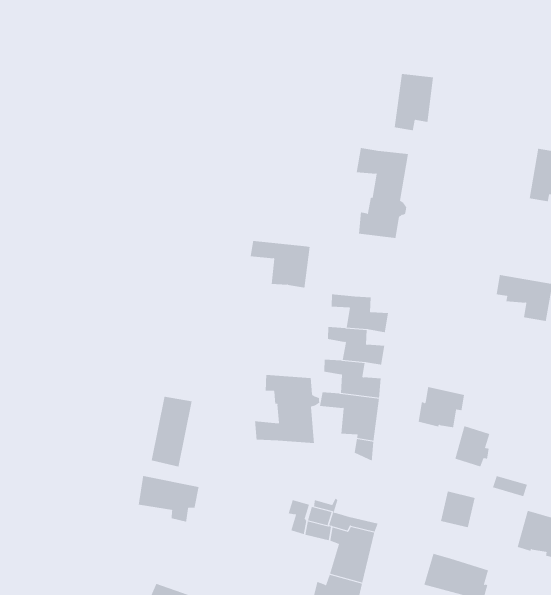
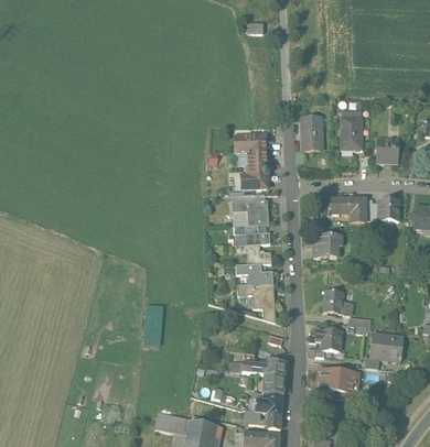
building: [394,73,434,131] -> [301,116,322,150]
building: [250,240,311,288] -> [232,198,268,225]
building: [255,374,320,444] -> none
building: [418,386,465,428] -> [314,235,340,258]
building: [138,475,199,523] -> none

